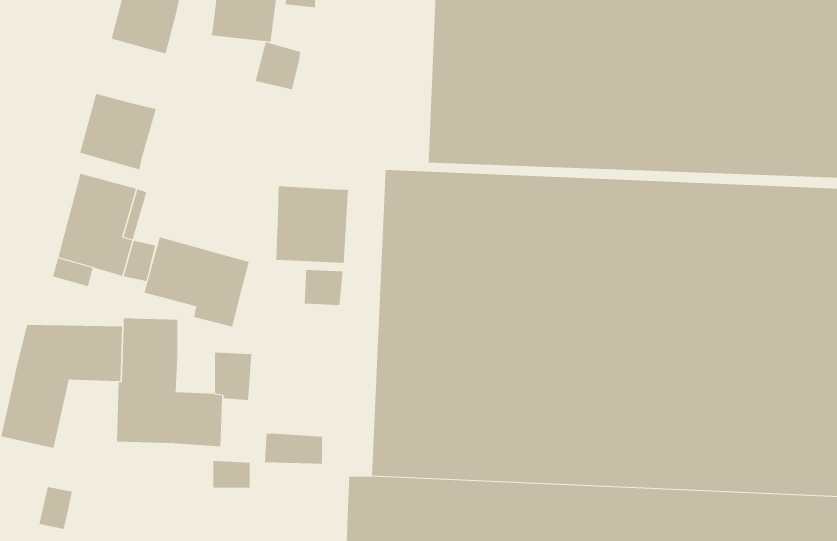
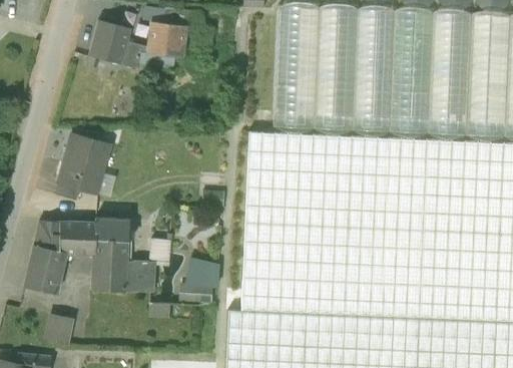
building: [255,42,301,90] -> [121,42,148,70]
building: [80,93,156,170] -> none
building: [276,185,349,263] -> none
building: [144,236,249,328] -> none
building: none -> [183,258,218,289]

